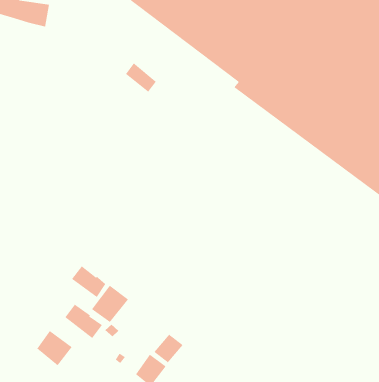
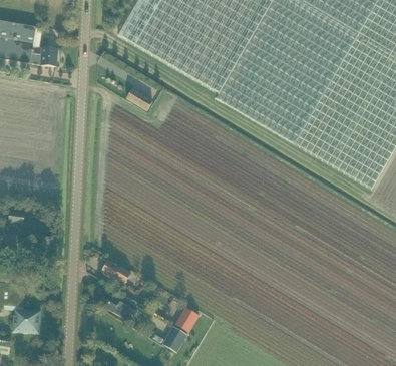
building: [91,285,129,323] -> none
building: [36,330,72,366] -> none

